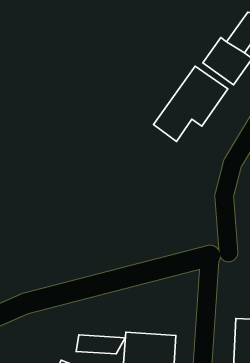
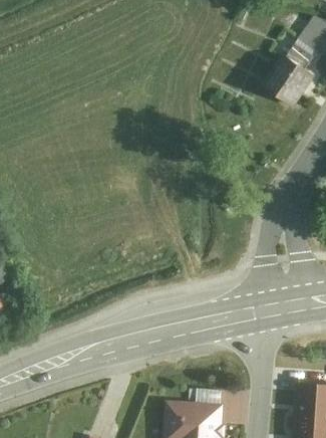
building: [154,66,228,142] -> none
building: [76,335,125,354] -> none

